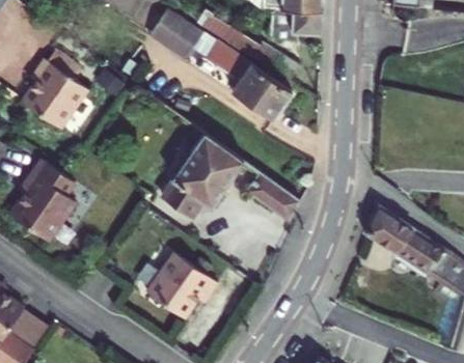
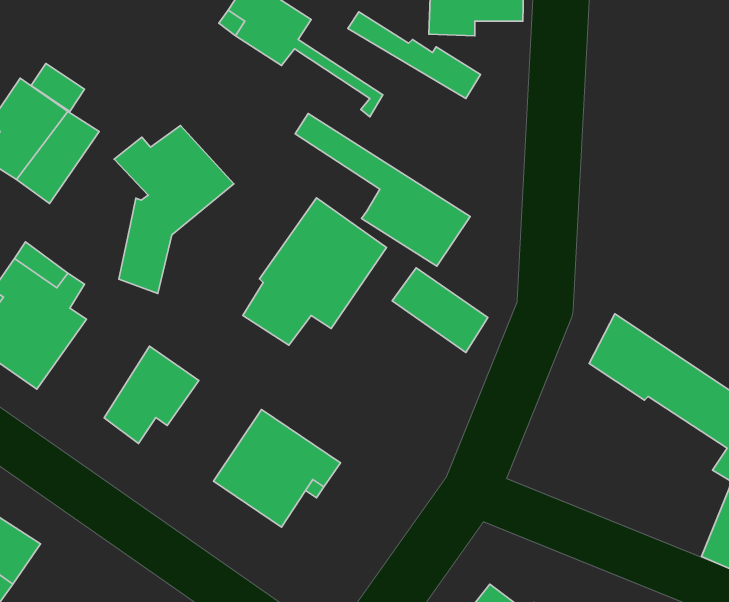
building: [196,33,295,119] -> [295,114,470,266]
building: none -> [114,125,234,293]
building: none -> [104,346,199,444]

